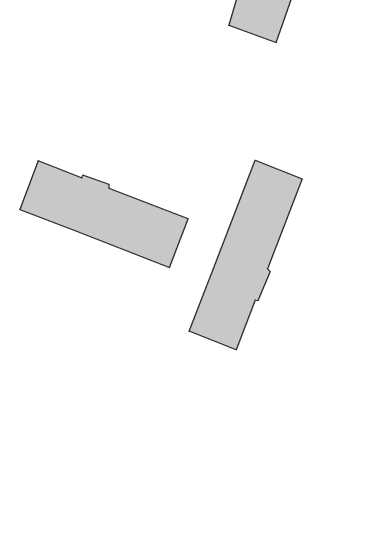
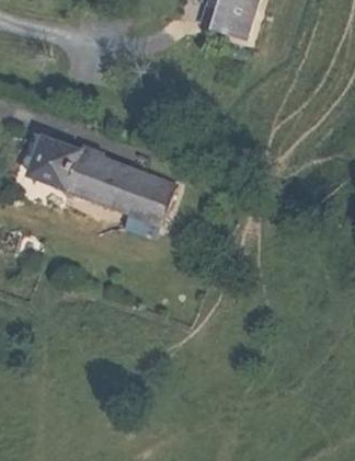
building: [189,160,302,350] -> none

